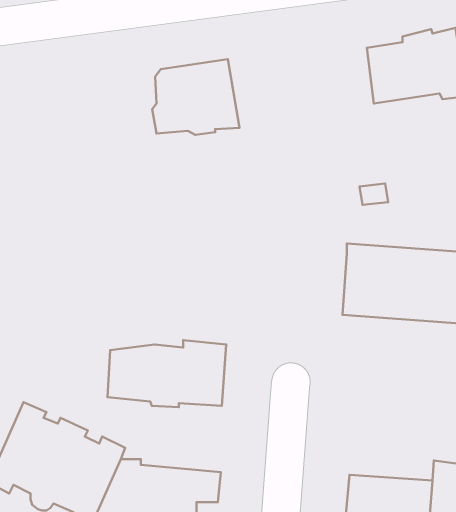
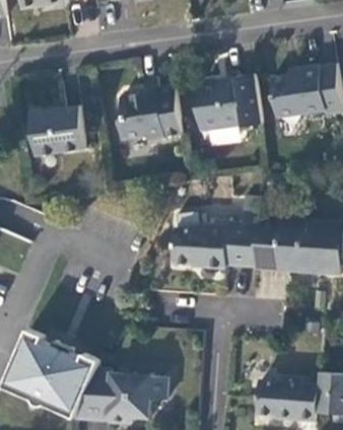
building: none -> [196,74,262,130]
building: none -> [30,105,85,155]
building: [107,340,226,407] -> [173,220,257,268]

